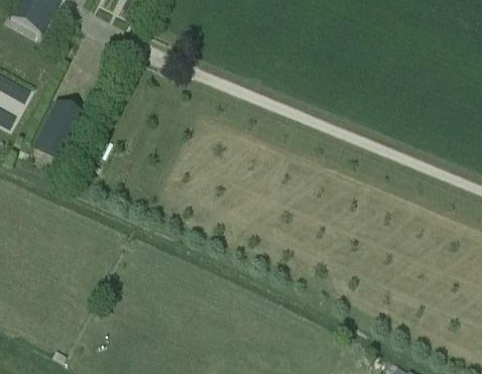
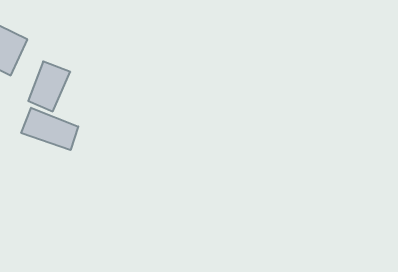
building: none -> [21,108,78,150]

